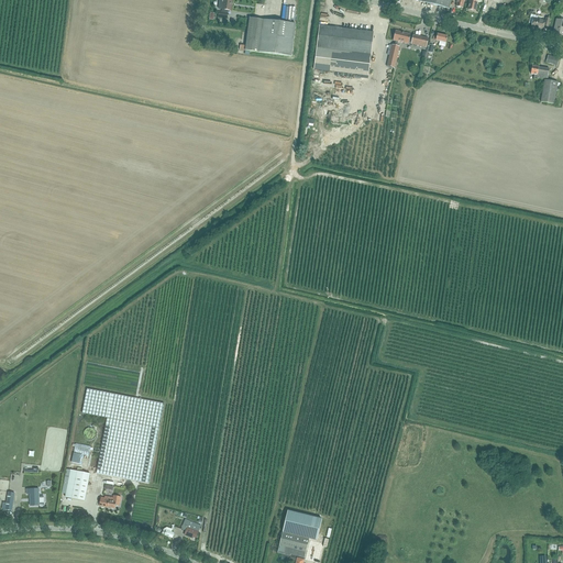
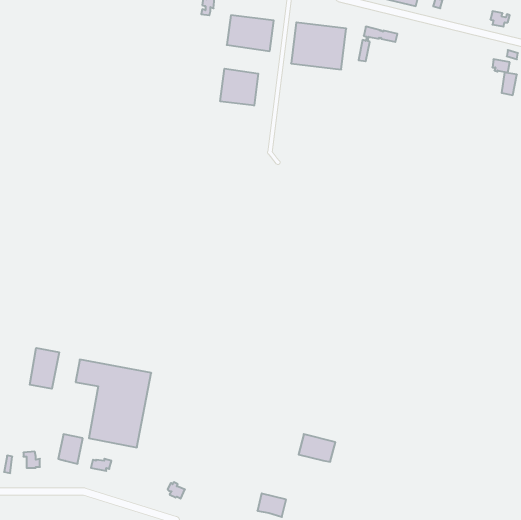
building: none -> [220,69,258,106]
building: none -> [30,348,59,389]
building: [282,509,321,539] -> [299,434,335,462]

